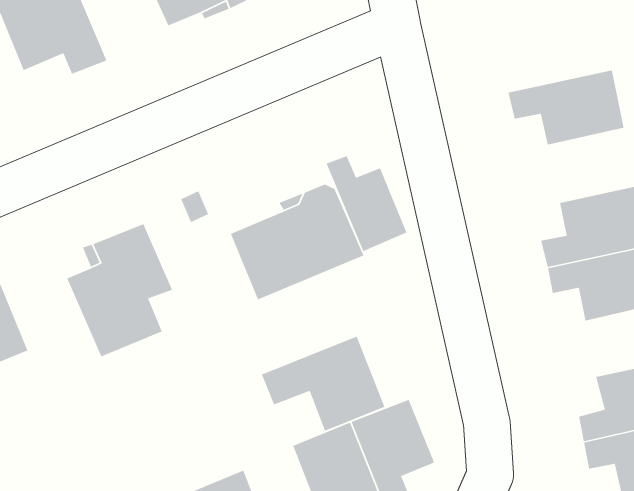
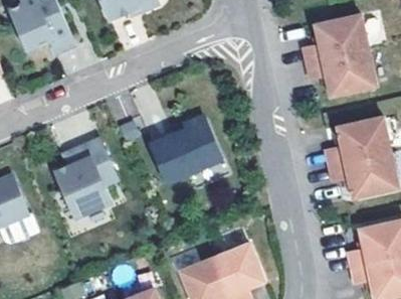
building: none -> [305,14,369,62]
building: [326,155,407,252] -> none
building: [261,336,385,432] -> none

